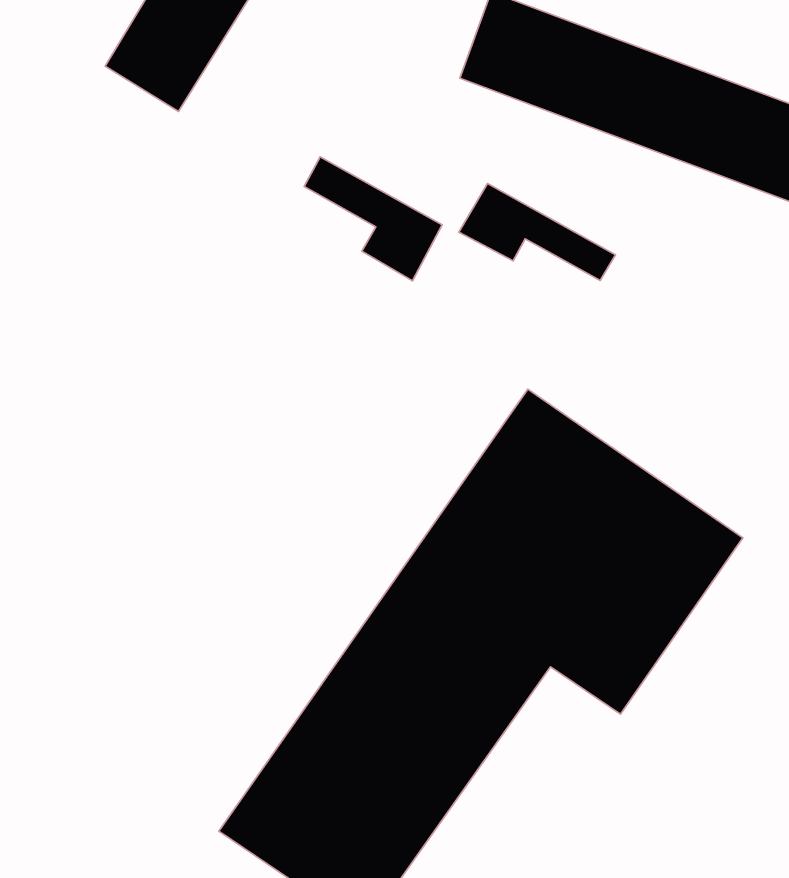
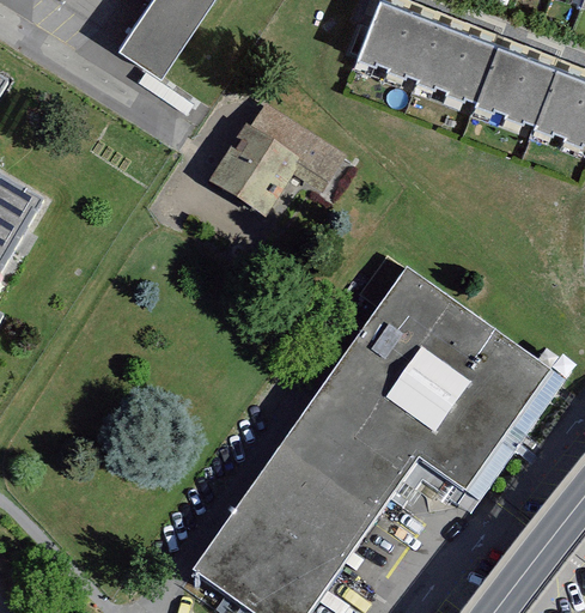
building: none -> [211,127,299,217]
building: [459,184,615,281] -> none

